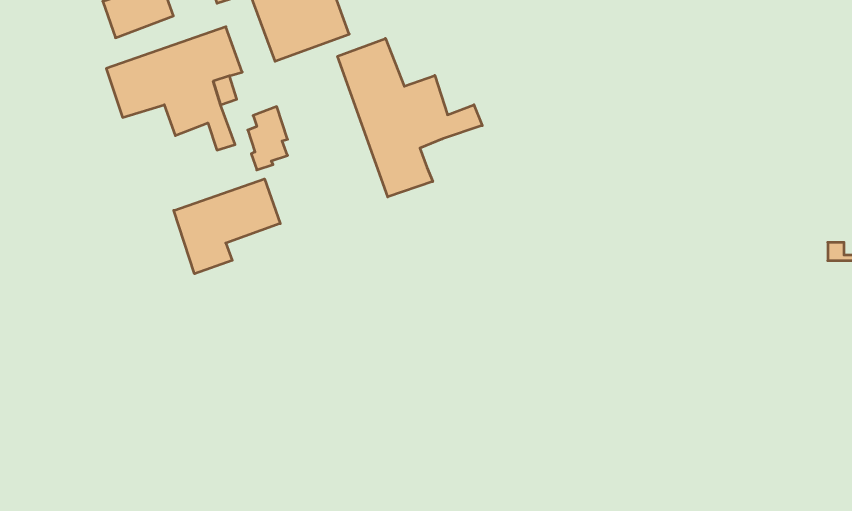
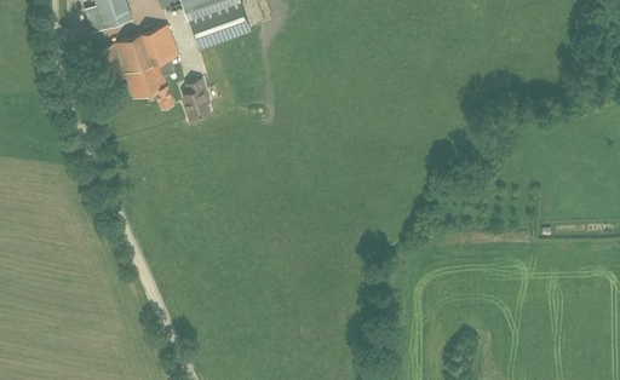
building: [338,38,482,197] -> none
building: [174,179,280,274] -> none

